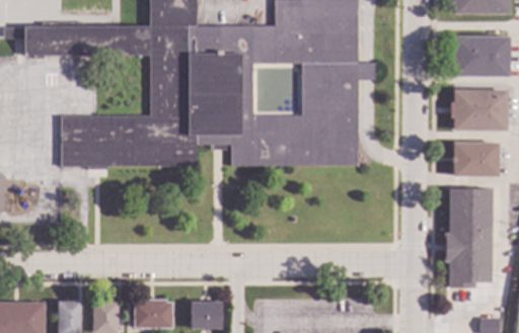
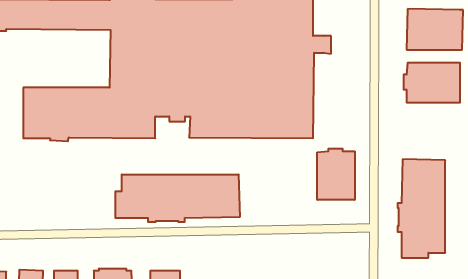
building: [453,141,500,176] -> none
building: none -> [317,149,355,200]
building: none -> [115,174,240,222]

